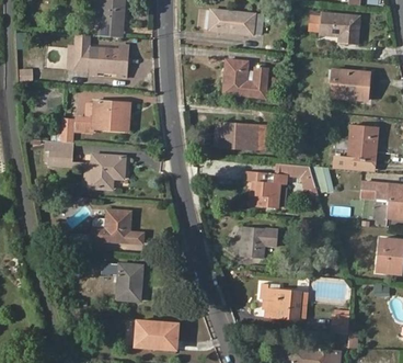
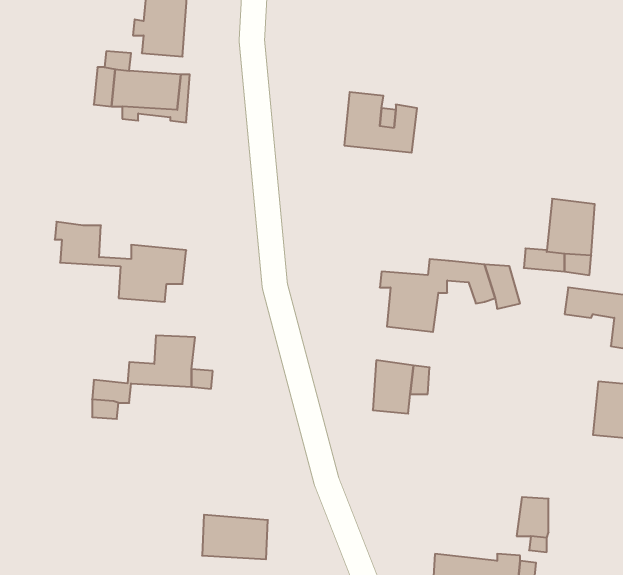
building: [210,11,263,35] -> none
building: [310,13,360,44] -> none
building: [331,70,370,100] -> none
building: [62,101,130,143] -> none
building: [219,124,268,150] -> none
building: [103,263,143,302] -> none
building: [261,285,301,319] -> none

